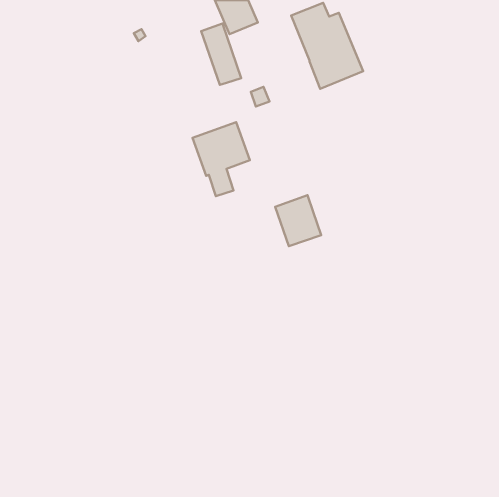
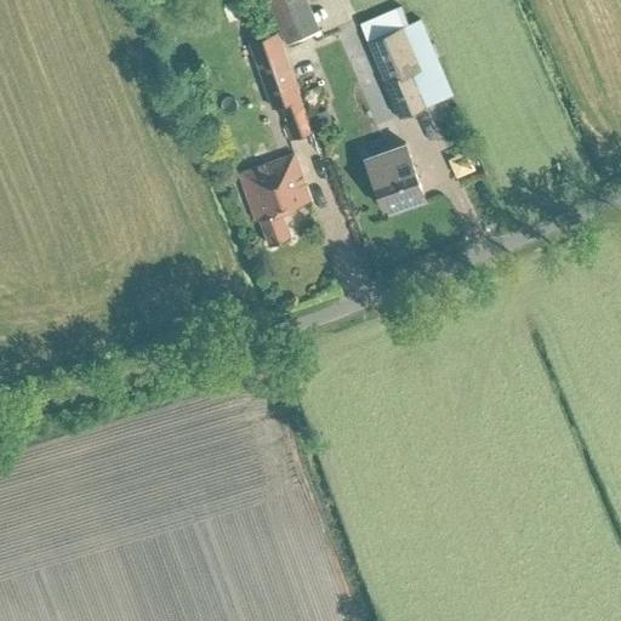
building: none -> [281,99,312,141]
building: [275,195,321,246] -> [365,143,422,206]

